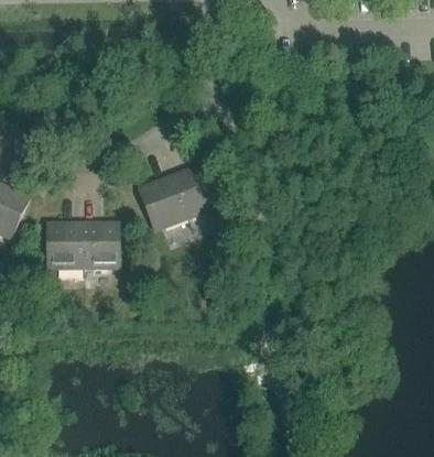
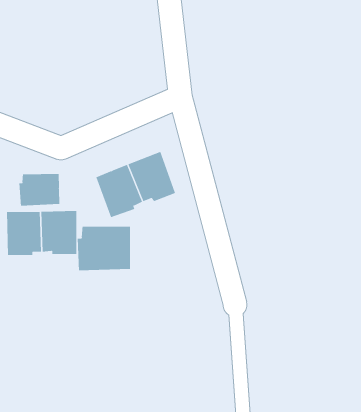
building: none -> [19,173,60,206]
building: none -> [77,226,131,271]

